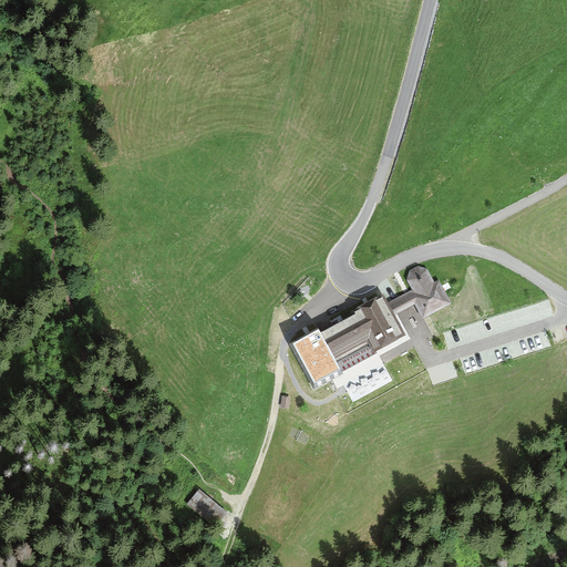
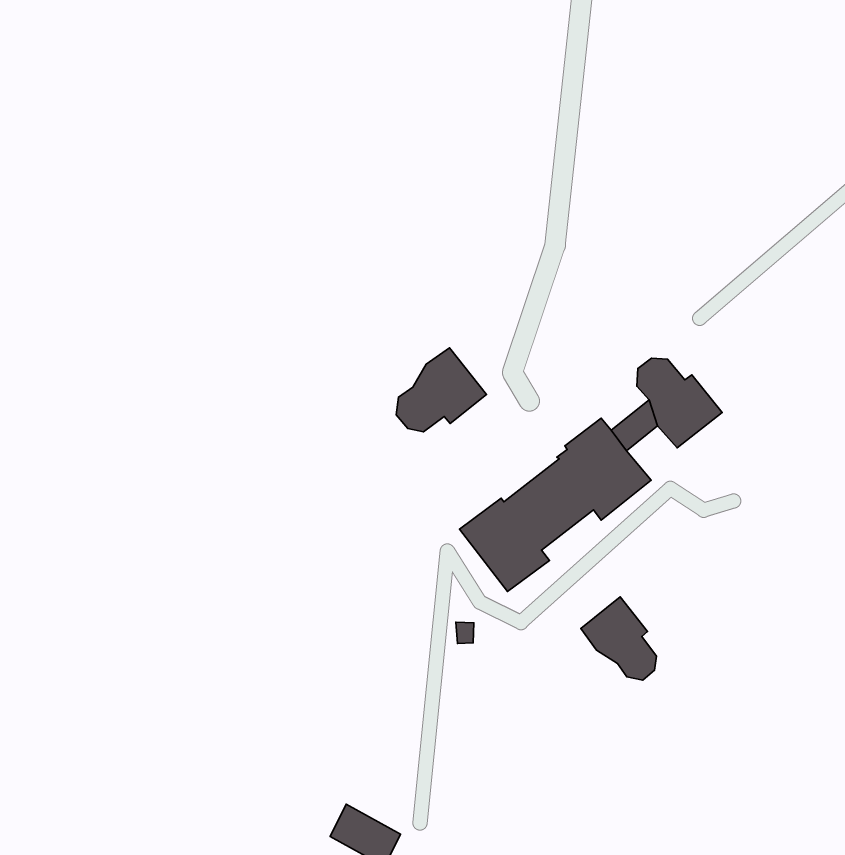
building: none -> [396,348,487,432]
building: none -> [581,597,656,680]

